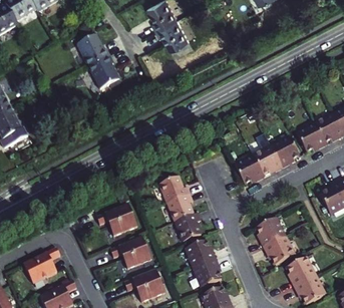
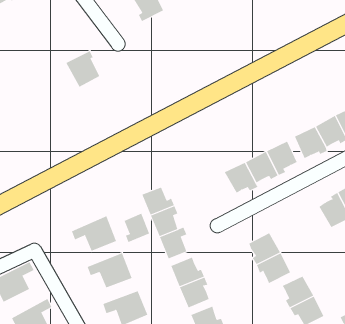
building: [156,21,189,51] -> none
building: [77,36,110,68] -> none
building: none -> [124,213,150,243]

